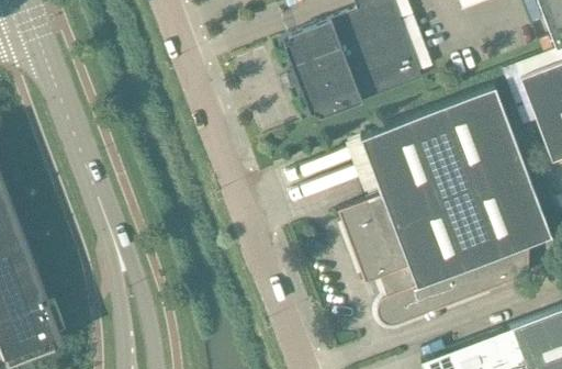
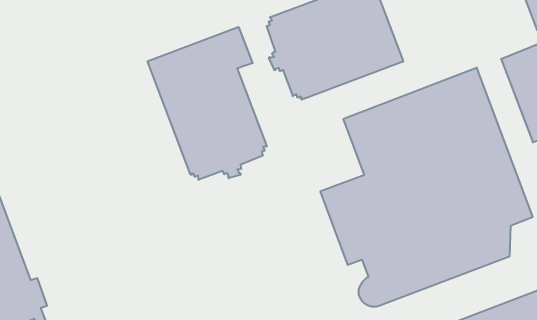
building: none -> [148,27,267,180]

